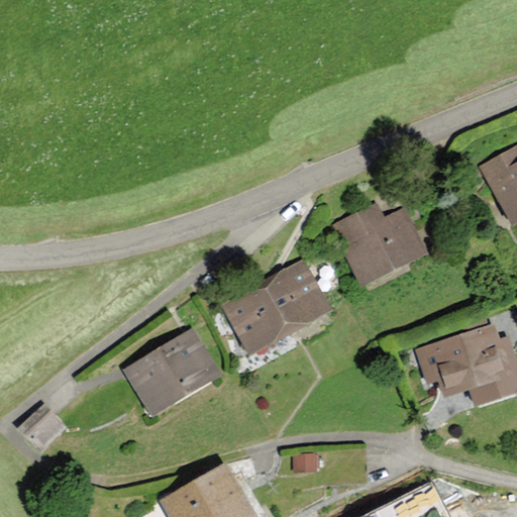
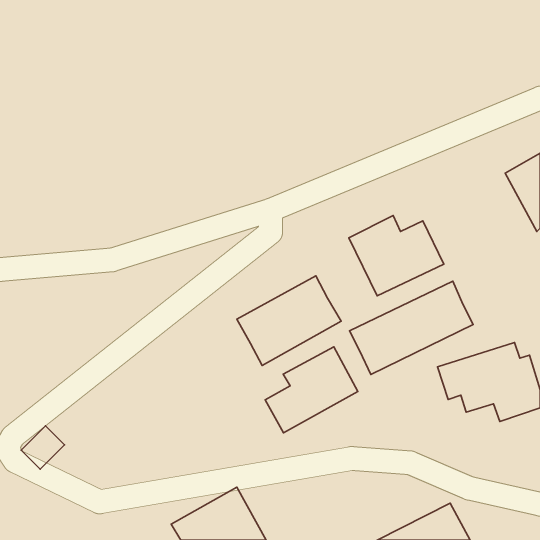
building: none -> [349,281,473,374]
building: [125,331,217,413] -> none
building: none -> [265,347,358,433]

